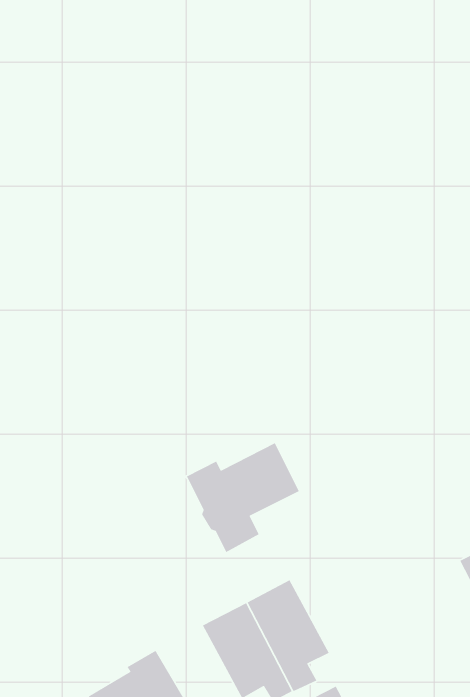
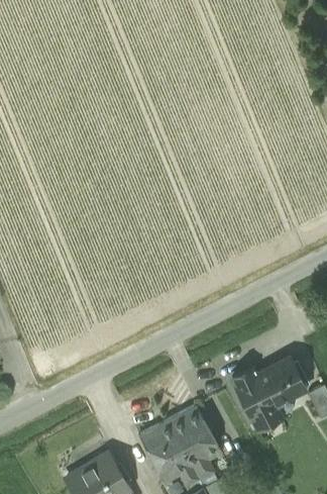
building: [186,442,300,553] -> [232,357,307,429]

